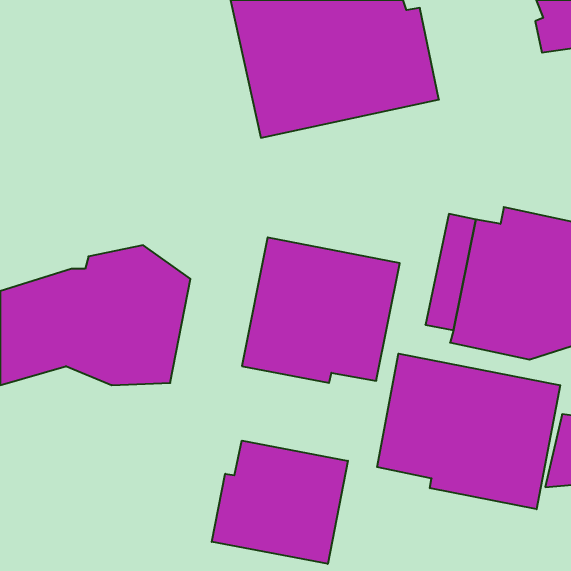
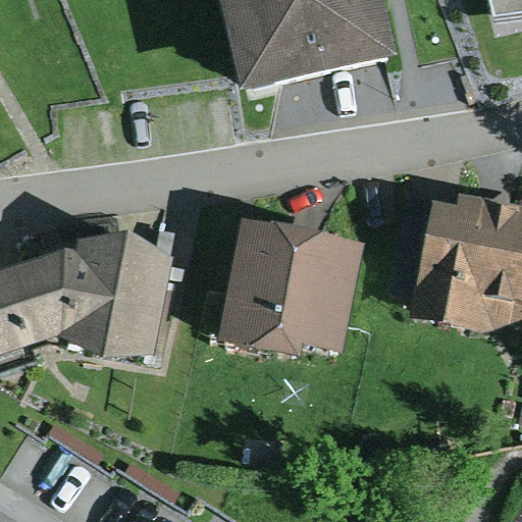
building: [377,354,560,509] -> none
building: [212,441,348,564] -> none

